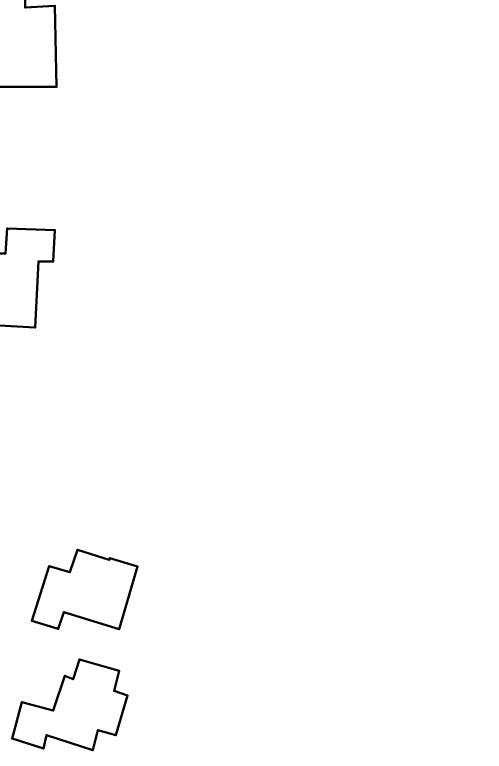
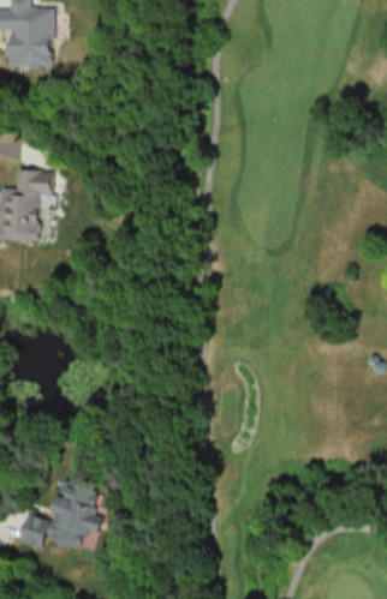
building: [32,550,138,629] -> none

